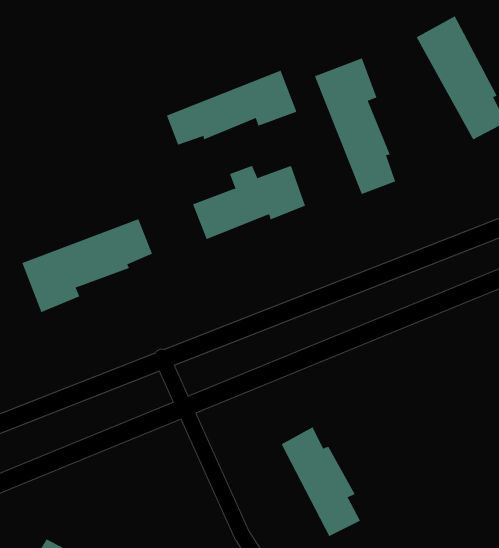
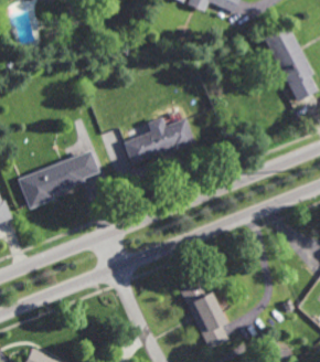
building: [314,57,396,195] -> none
building: [166,70,297,146] -> none

